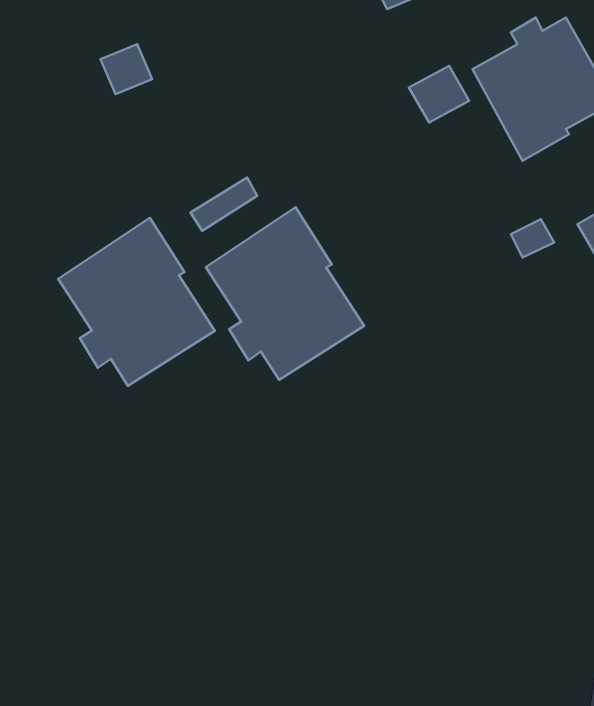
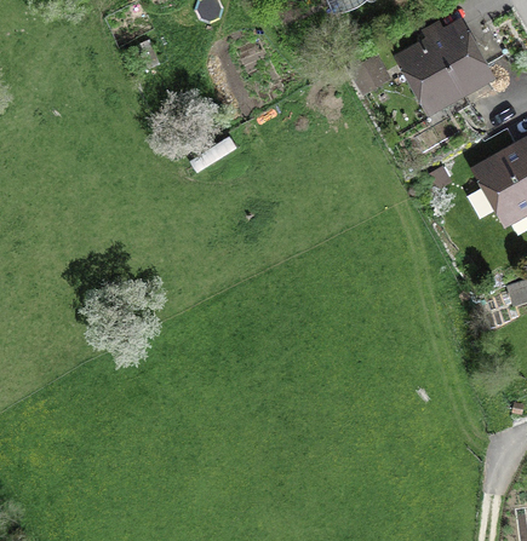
building: [206,207,364,380] -> none
building: [58,218,215,386] -> none

